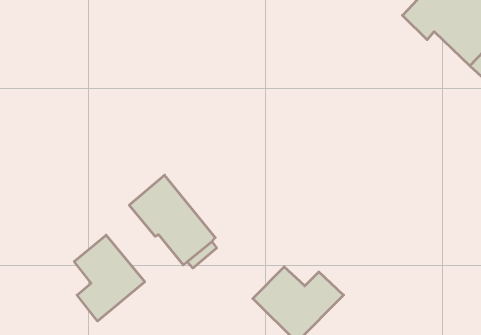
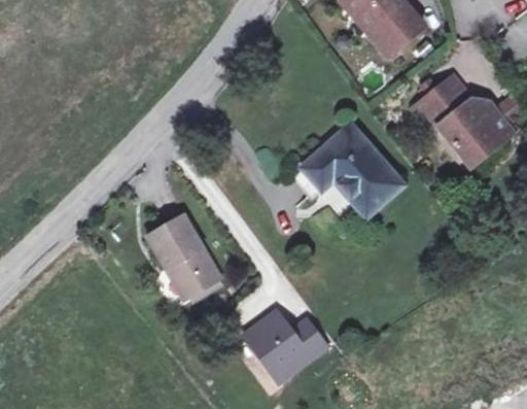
building: none -> [303,127,398,213]
building: [74,235,145,321] -> none

